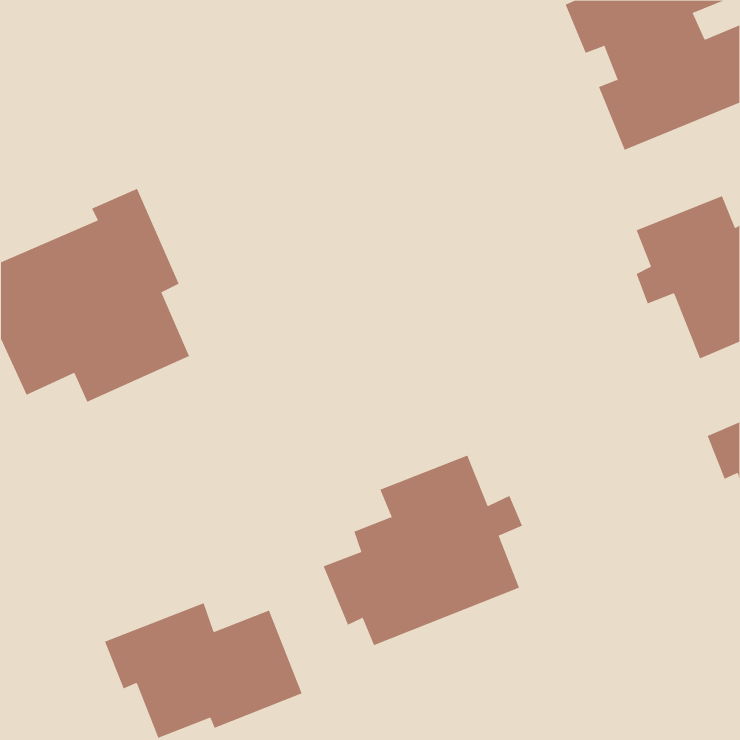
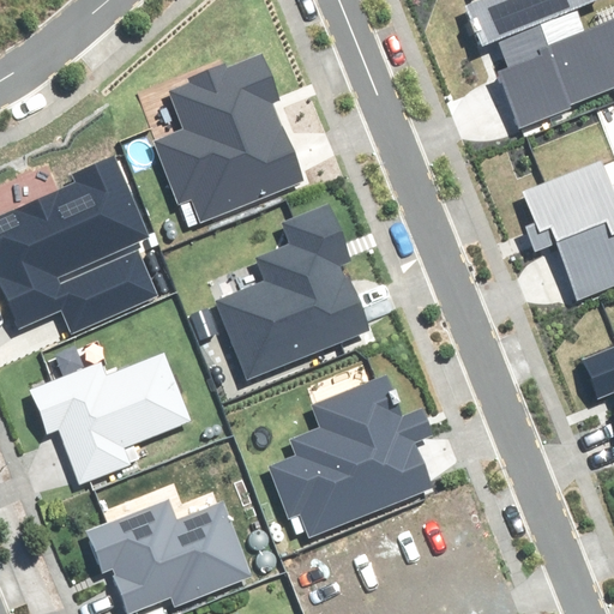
building: none -> [156,56,302,221]
building: none -> [217,206,368,379]
building: none -> [31,355,191,483]

